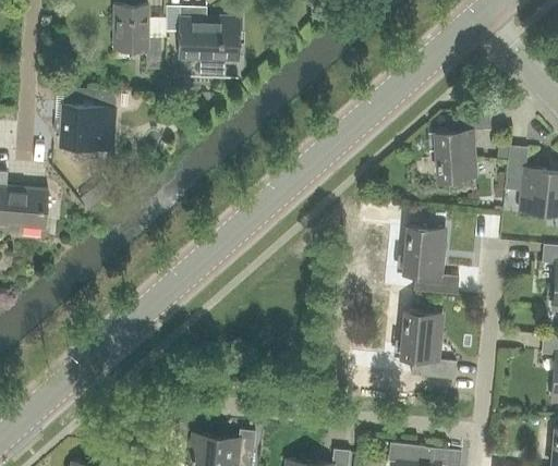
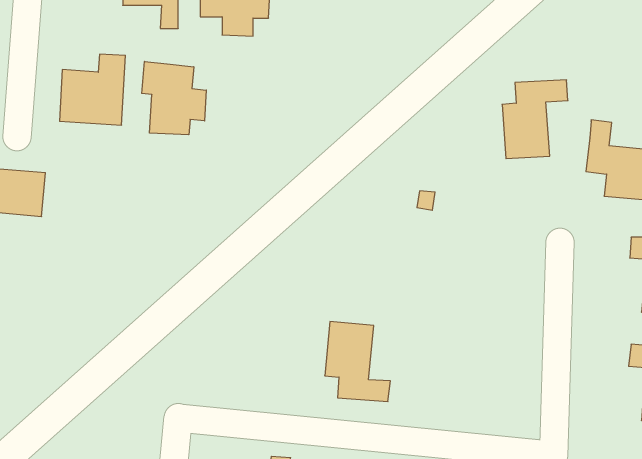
building: none -> [142,61,206,135]
building: [403,226,459,294] -> none
building: [401,311,457,379] -> [325,322,390,402]

